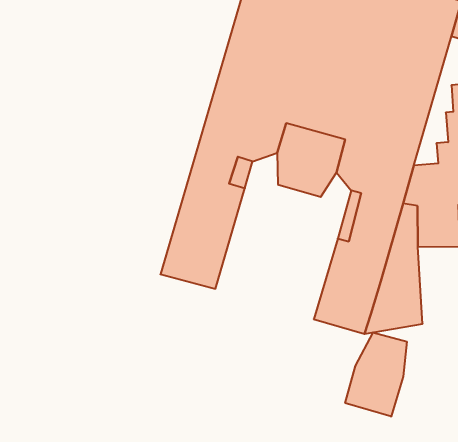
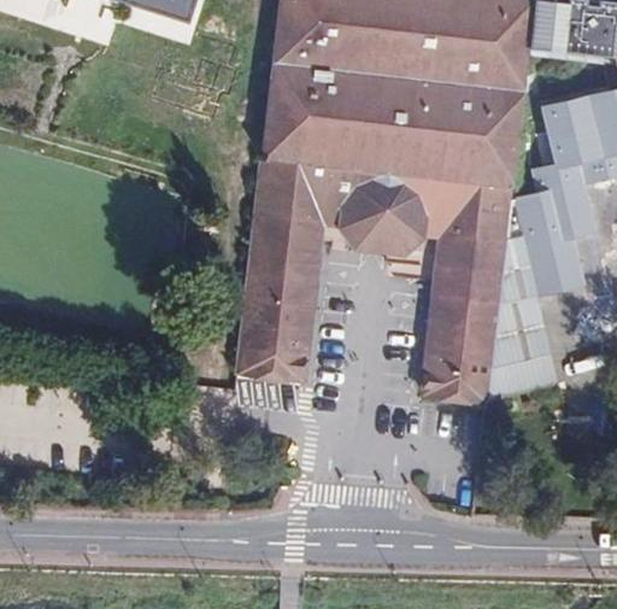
building: [345,332,407,417] -> none

